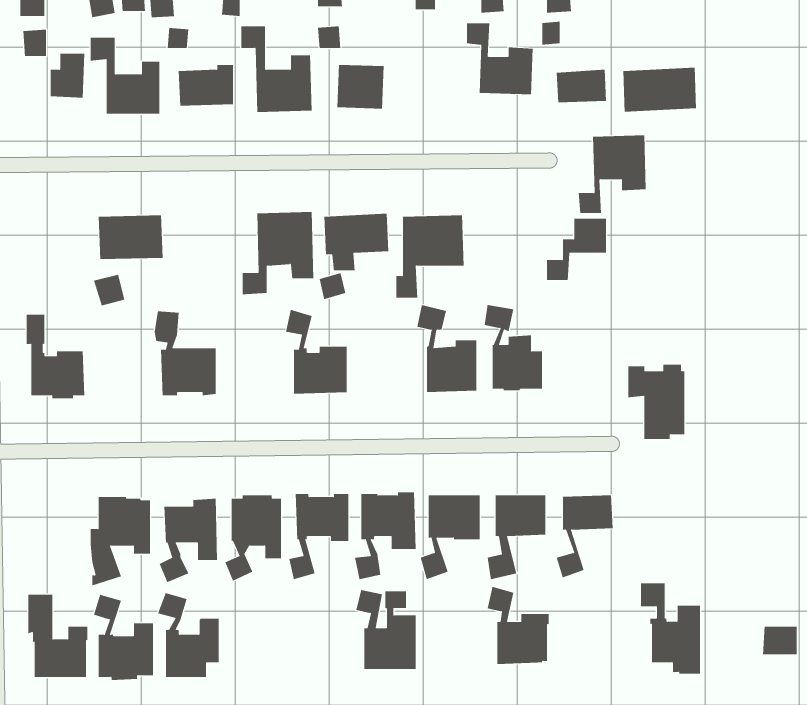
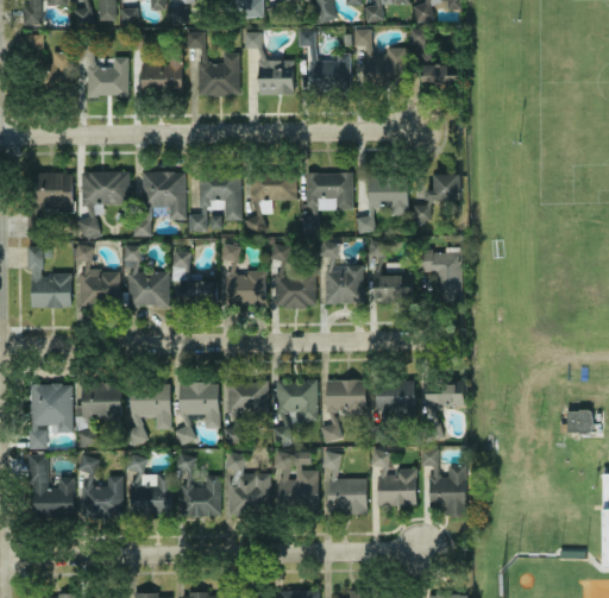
building: none -> [299,31,351,93]
building: [623,67,697,112] -> none
building: [578,135,647,213] -> [357,175,408,233]
building: none -> [132,172,186,237]
building: none -> [27,174,73,237]
building: none -> [270,243,315,308]
building: none -> [73,244,119,309]
building: none -> [171,250,218,309]
building: [627,364,685,440] -> [419,247,462,303]
building: none -> [29,383,73,449]
building: [640,583,701,674] -> [420,448,465,516]
building: none -> [224,451,270,517]
building: none -> [321,451,368,514]
building: none -> [175,452,221,516]
building: [762,626,797,655] -> [566,411,592,433]

